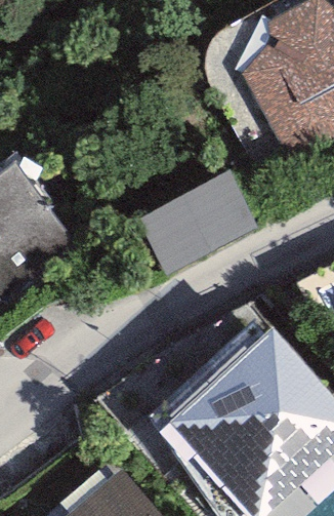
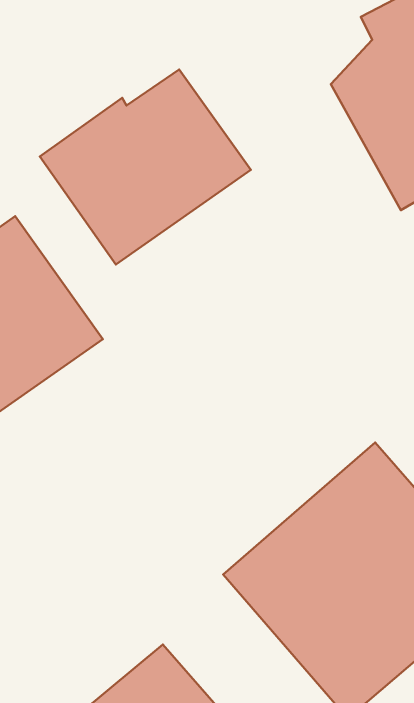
building: none -> [40,70,251,264]
building: [135,169,257,275] -> none

